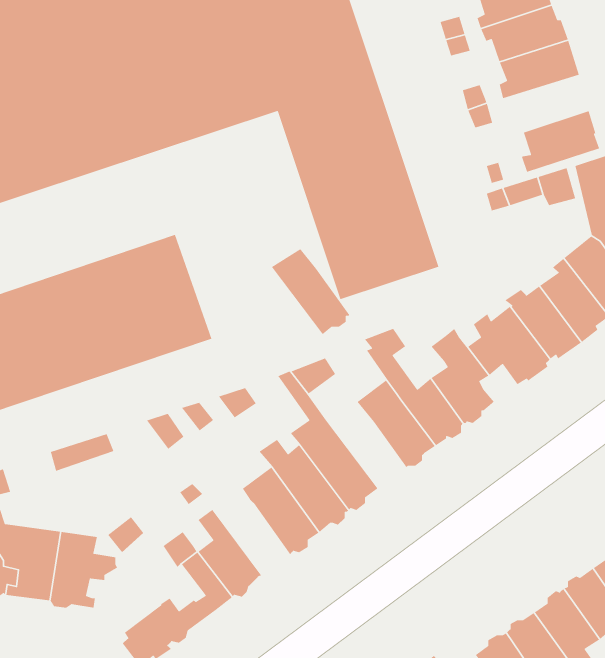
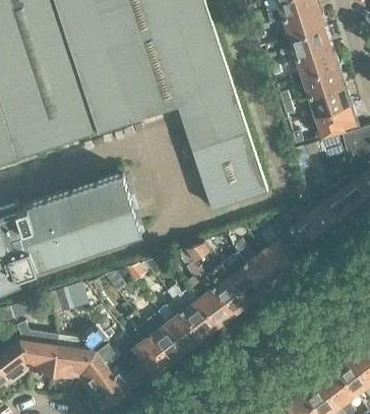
building: none -> [302,84,350,116]
building: [271,248,350,335] -> [205,264,249,312]
building: none -> [142,317,185,360]
building: none -> [73,345,115,395]

